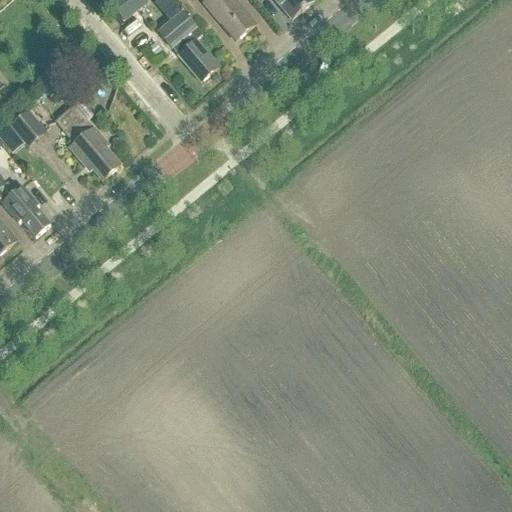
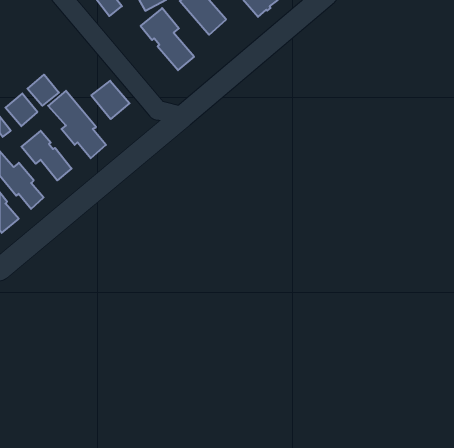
building: none -> [27,75,59,106]
building: none -> [91,81,130,119]
building: none -> [21,131,72,180]

